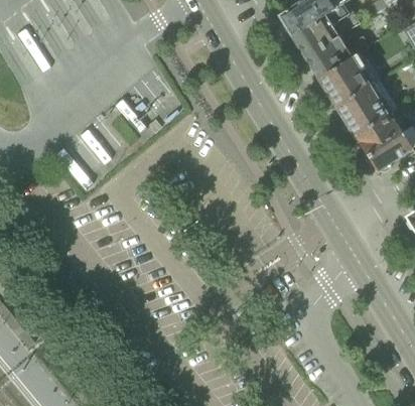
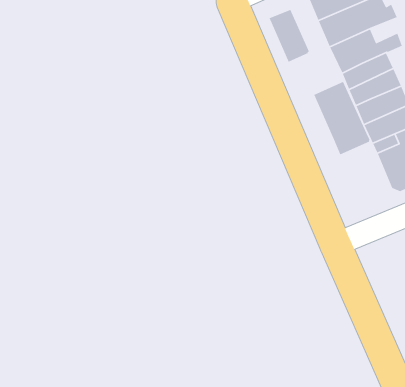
building: none -> [268,9,310,63]
building: none -> [313,81,371,155]

